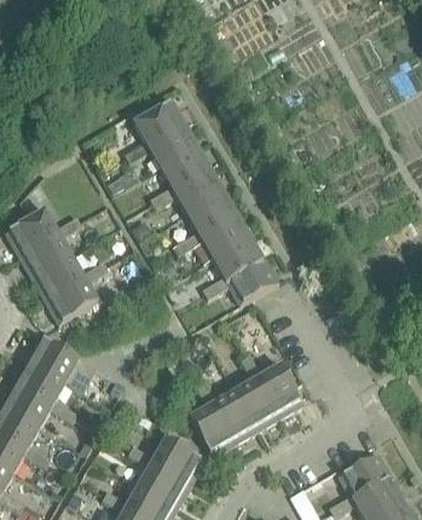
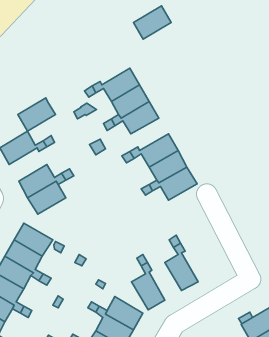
building: [134,98,186,144] -> [133,6,171,39]
building: [187,190,239,235] -> none
building: [19,231,71,277] -> [18,98,55,131]
building: [258,363,304,416] -> none
building: [213,389,258,441] -> none

